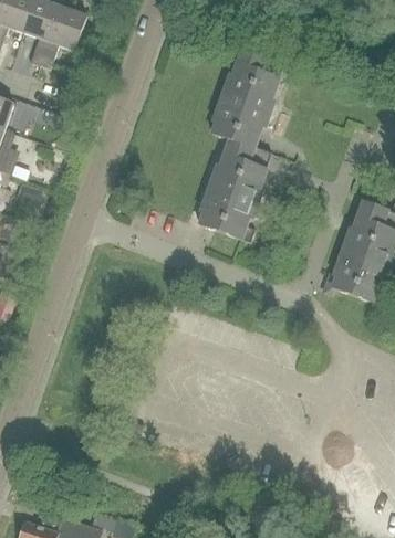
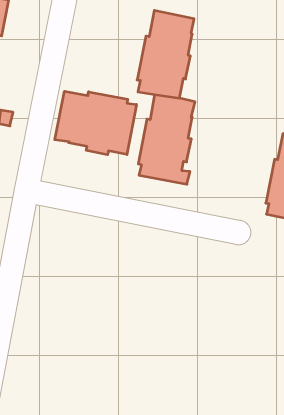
building: none -> [55,91,136,155]

